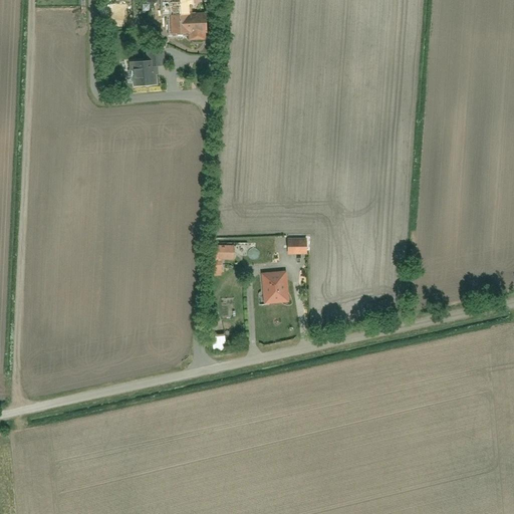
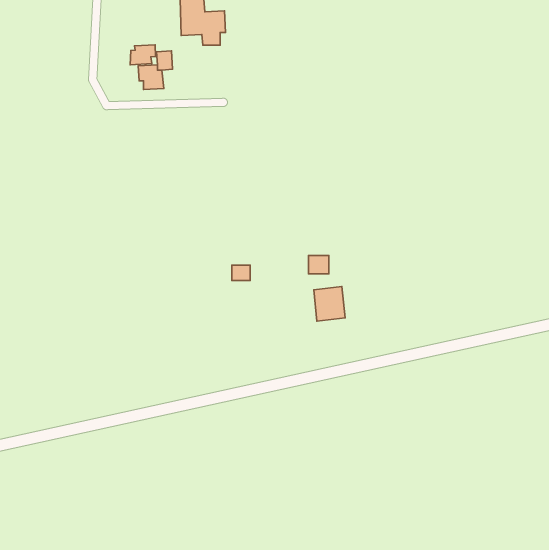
building: none -> [130,45,155,65]
building: [259,271,288,303] -> [314,287,345,321]

